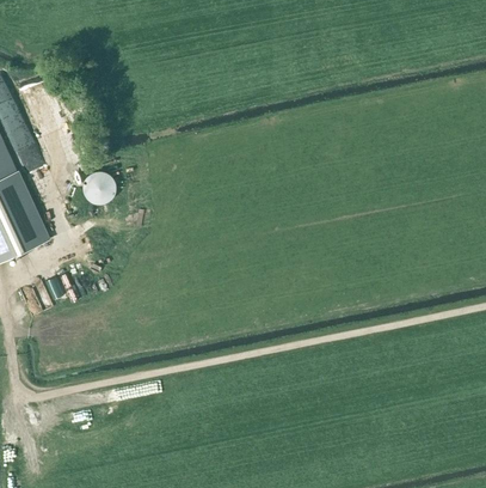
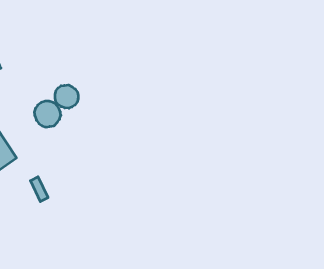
building: none -> [55,85,78,108]

